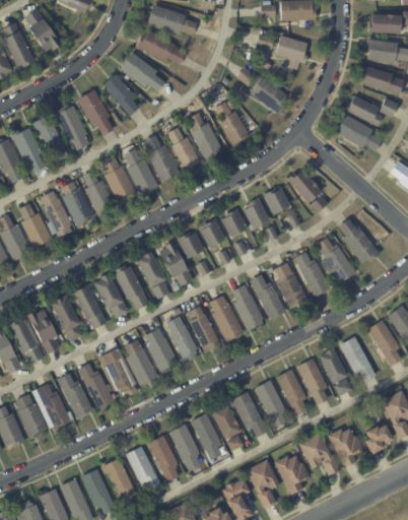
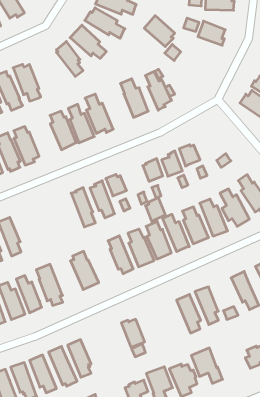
building: [250,76,287,113] -> [144,16,175,47]
building: [76,89,114,136] -> none
building: [166,128,201,175] -> none
building: [286,168,320,201] -> none
building: [81,171,115,217] -> none
building: [199,217,224,247] -> [145,198,165,221]
building: [112,264,148,309] -> none
building: [93,271,127,317] -> none
building: [71,283,106,327] -> none
building: [166,315,196,362] -> none
building: [124,338,157,385] -> none
building: [319,347,347,383] -> none
building: [254,379,286,427] -> none
building: [231,391,267,436] -> none
building: [190,412,221,459] -> none
building: [168,424,201,470] -> none
building: [327,428,362,466] -> none

